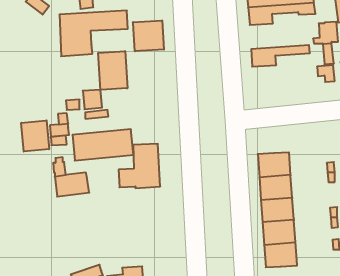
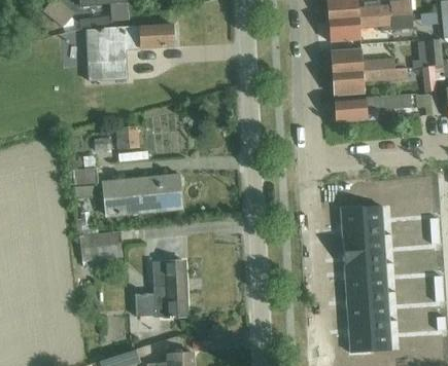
building: [133,20,164,51] -> none
building: none -> [332,47,394,72]
building: [98,51,127,90] -> none
building: none -> [335,94,411,121]
building: [21,120,49,152] -> none
building: [119,144,160,188] -> [135,260,188,317]

